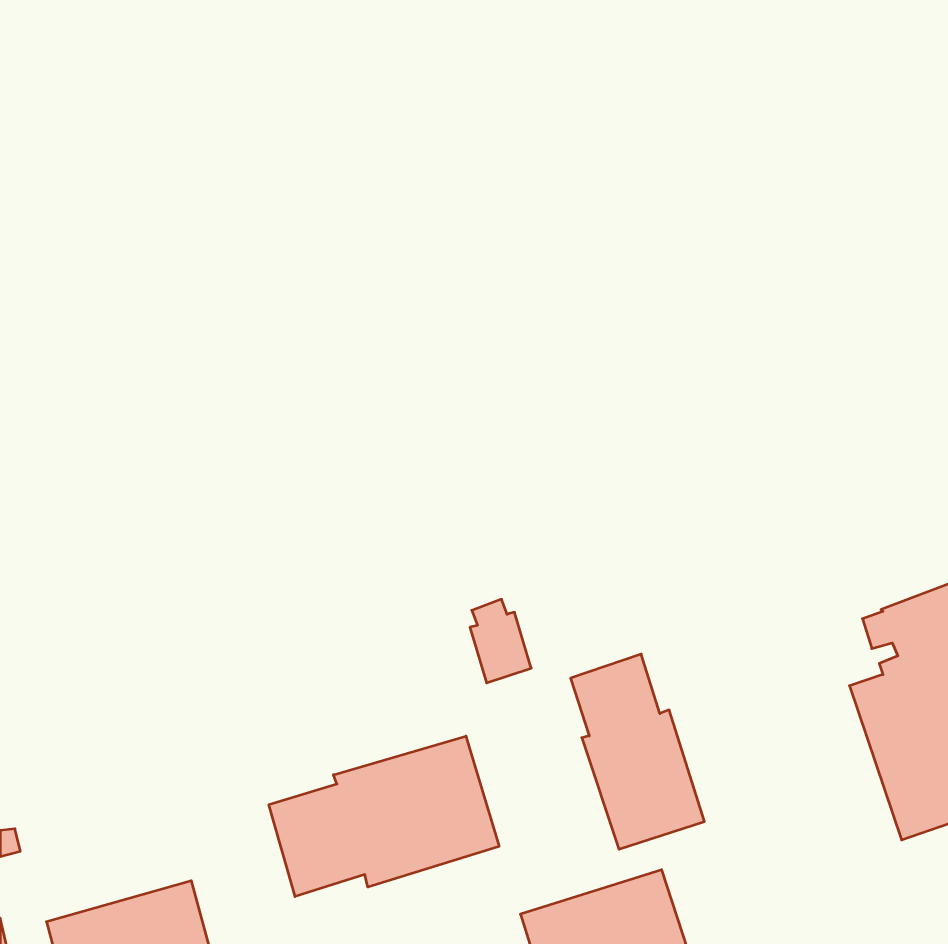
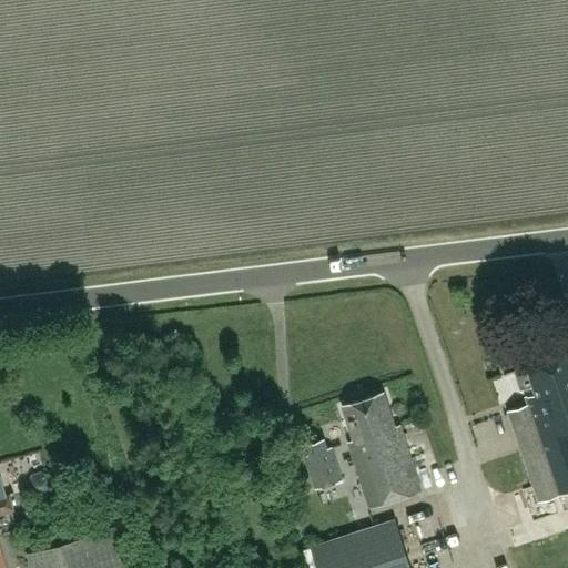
building: [470,599,531,683] -> [305,442,342,491]
building: [269,736,499,897] -> none

